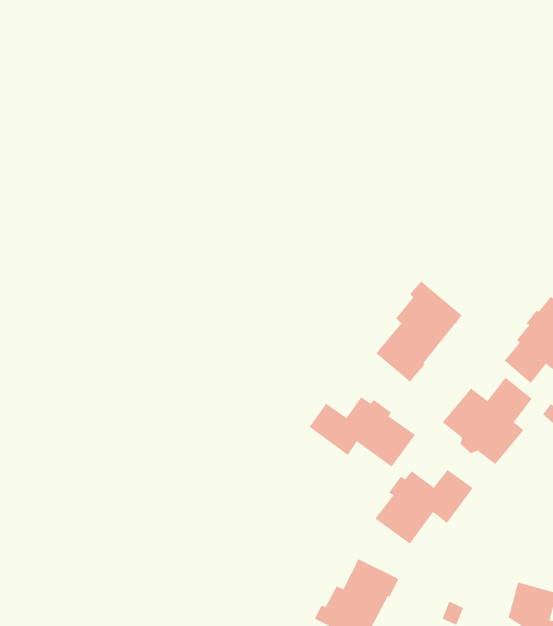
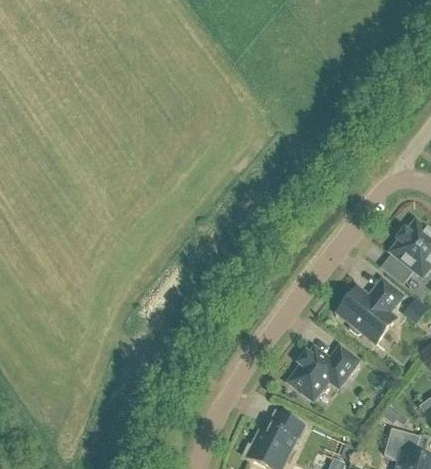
building: [375,281,462,383] -> none
building: [309,396,416,467] -> none

